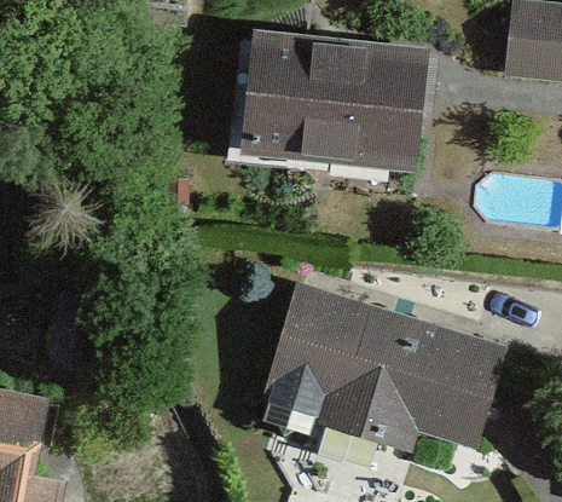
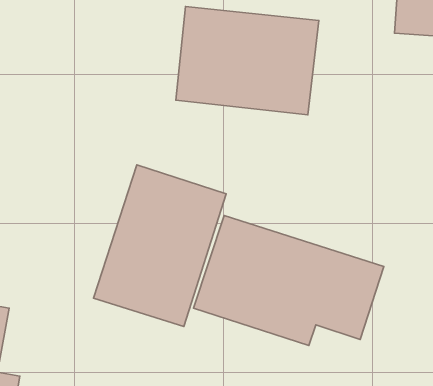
building: none -> [93,165,226,326]

